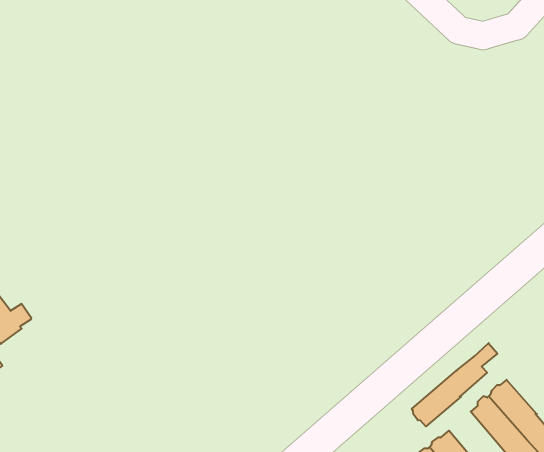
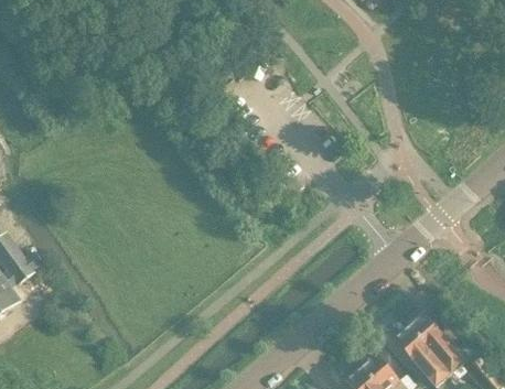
building: [412,343,497,426] -> none

